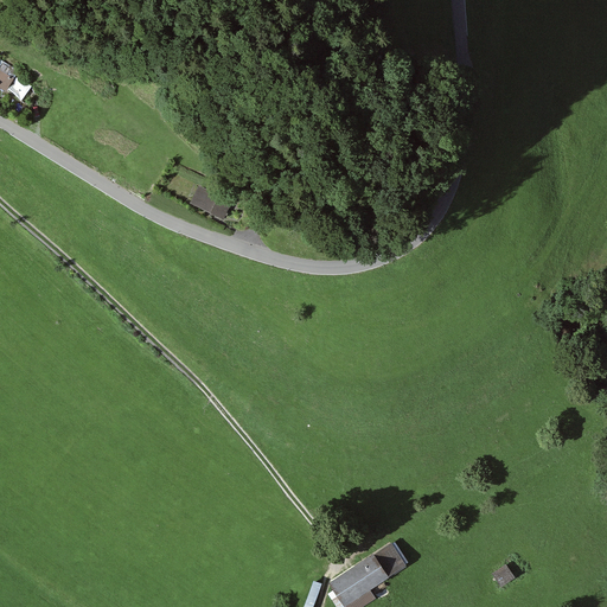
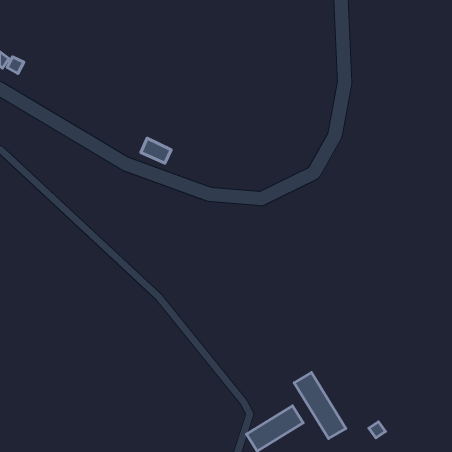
building: none -> [294,372,346,439]

